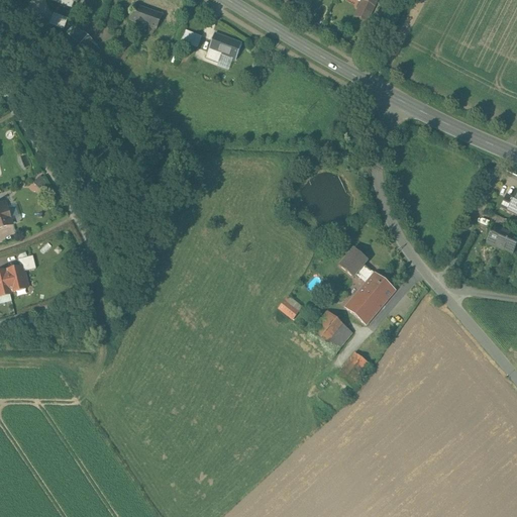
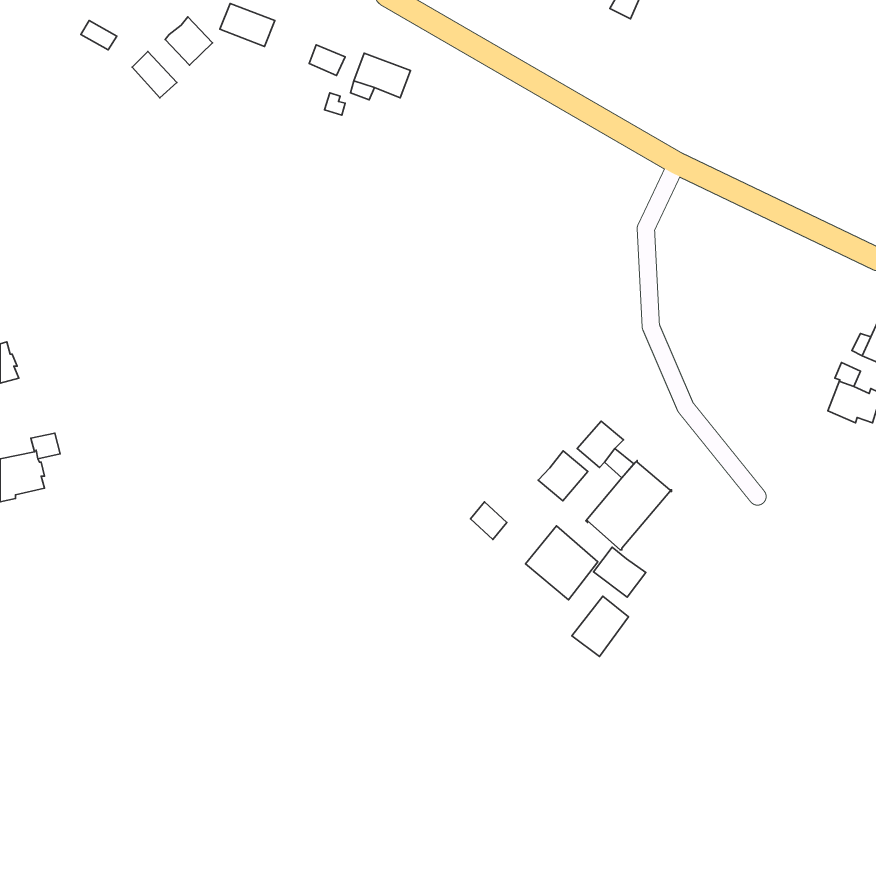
building: none -> [165,17,212,65]
building: none -> [538,451,588,501]
building: none -> [594,547,646,597]

